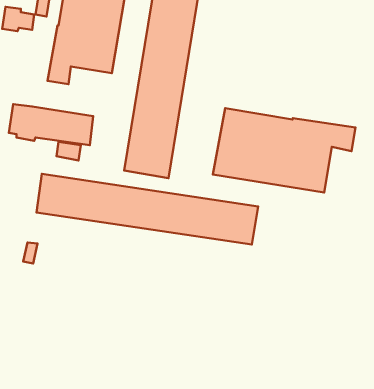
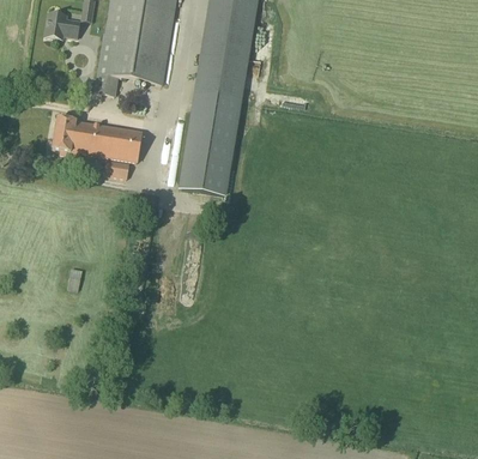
building: [213,108,355,193] -> none
building: [37,174,258,245] -> none

